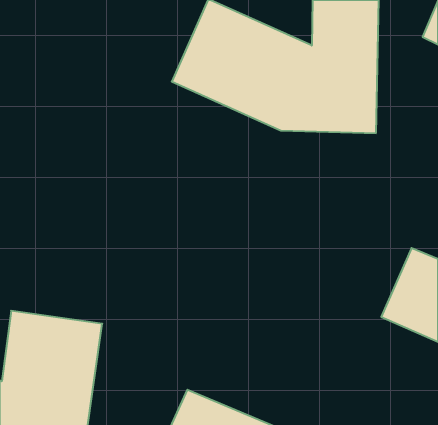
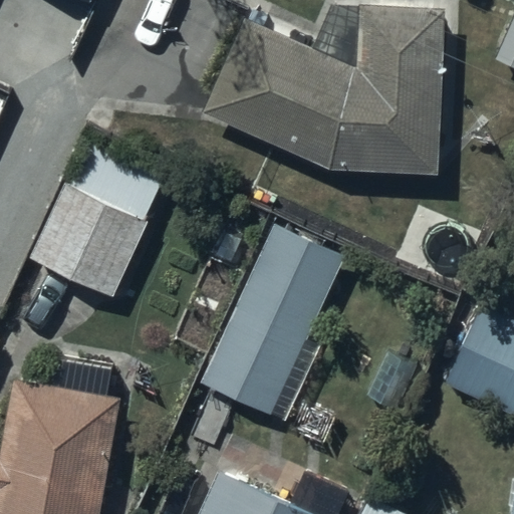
building: none -> [32,143,165,298]
building: none -> [197,253,324,422]

